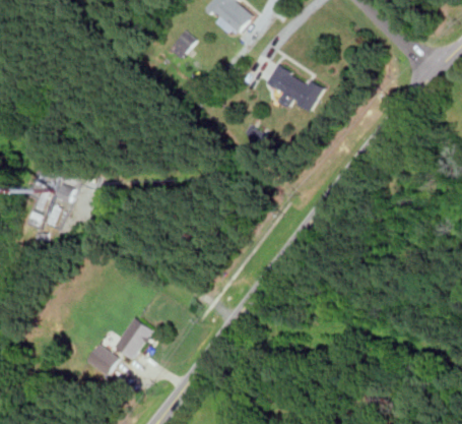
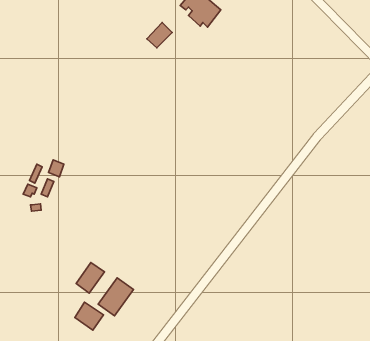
building: [267,65,321,111] -> none
building: none -> [76,263,105,293]

